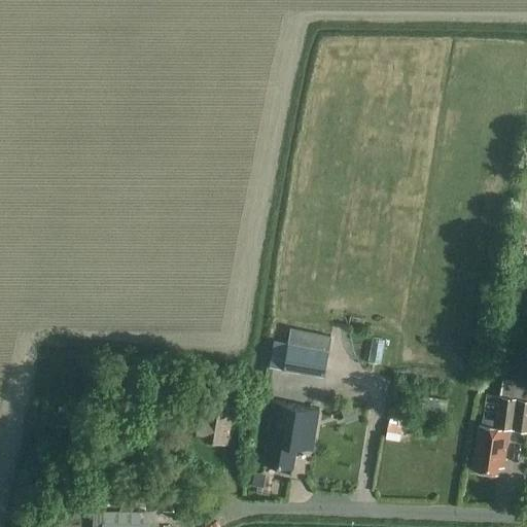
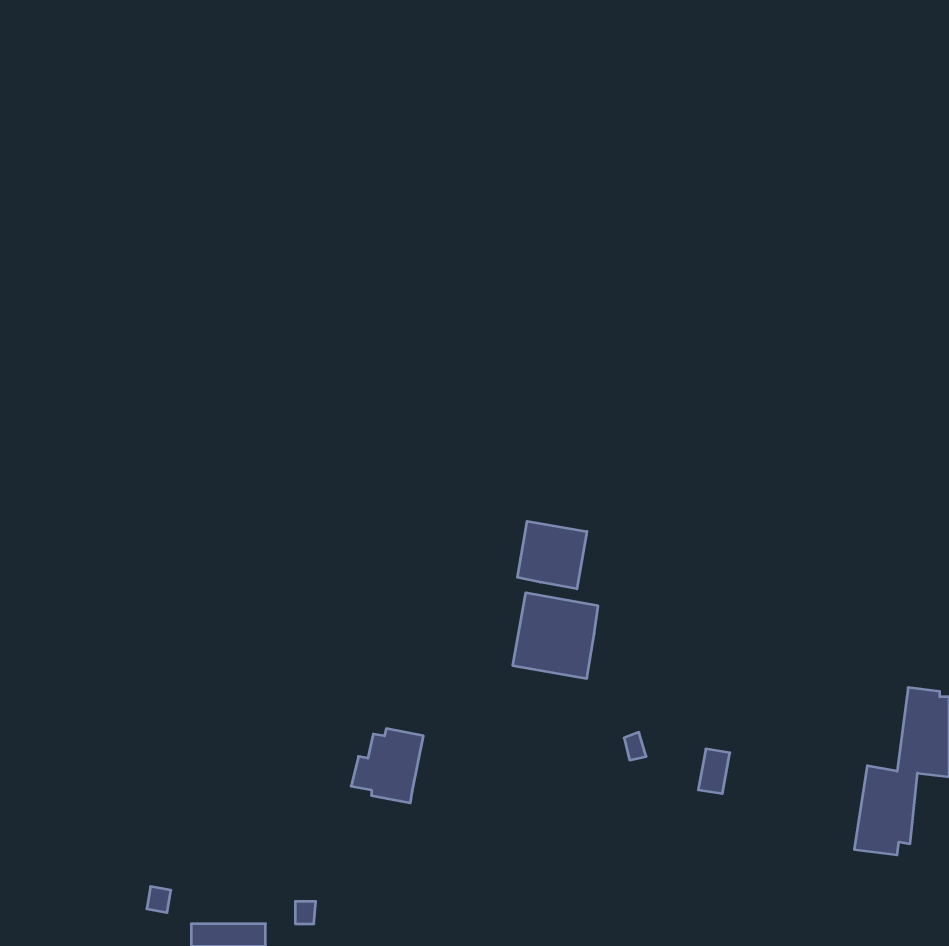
building: none -> [517,521,587,589]
building: [265,403,319,469] -> none

